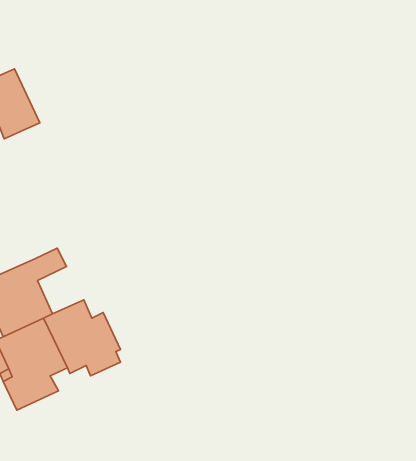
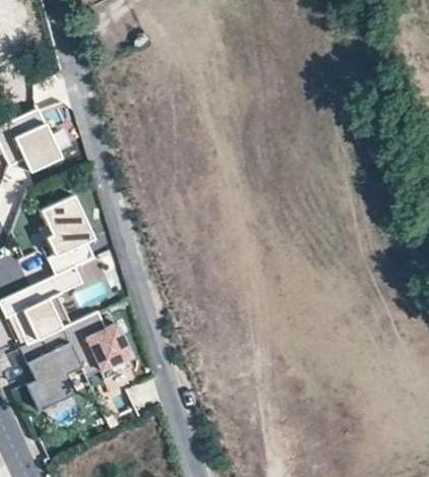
building: none -> [42,195,97,276]

